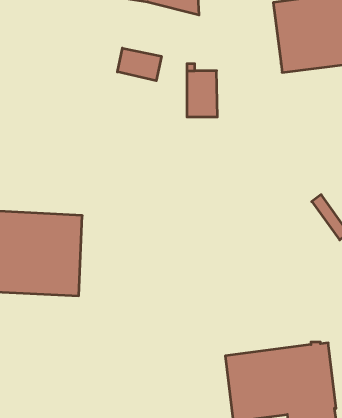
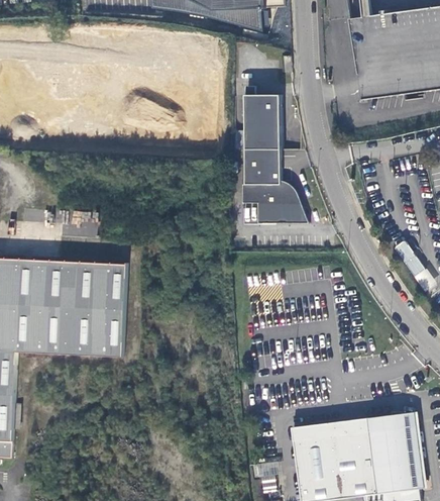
building: [117,48,161,81] -> none
building: none -> [244,149,309,224]

